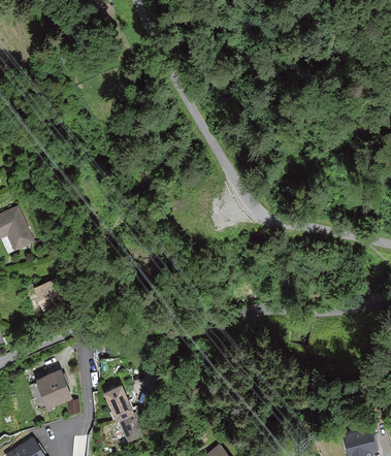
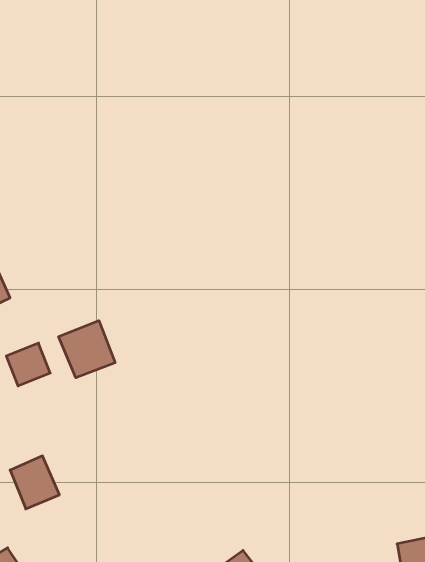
building: none -> [59,321,115,378]
building: [103,384,145,442] -> none

